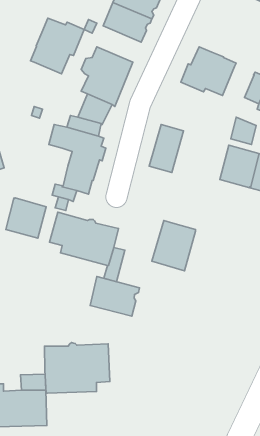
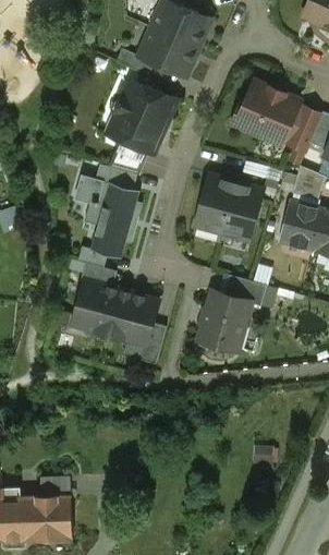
building: [31,18,84,74] -> none
building: none -> [282,106,320,152]
building: none -> [221,183,261,241]
building: [6,198,46,238] -> none
building: none -> [222,276,265,306]
building: [90,277,139,316] -> none
building: [45,343,110,393] -> none

